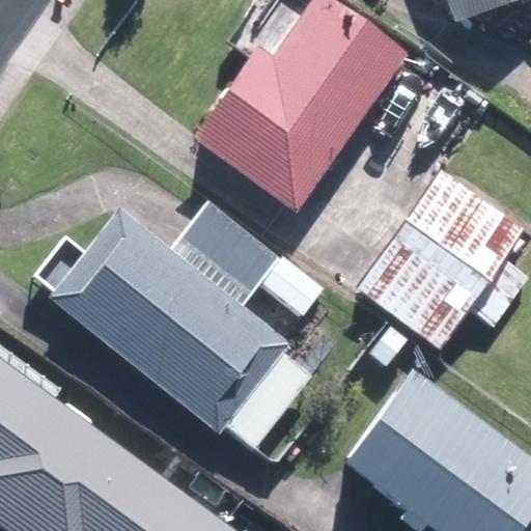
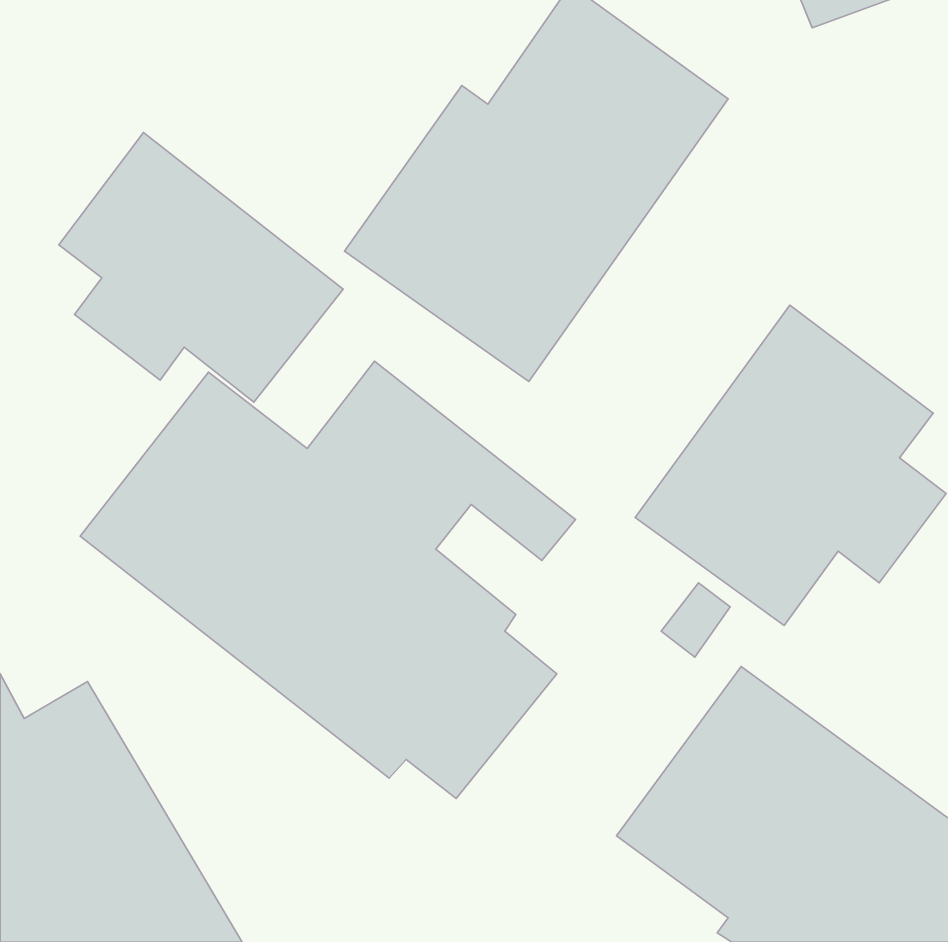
building: none -> [59,133,343,402]

